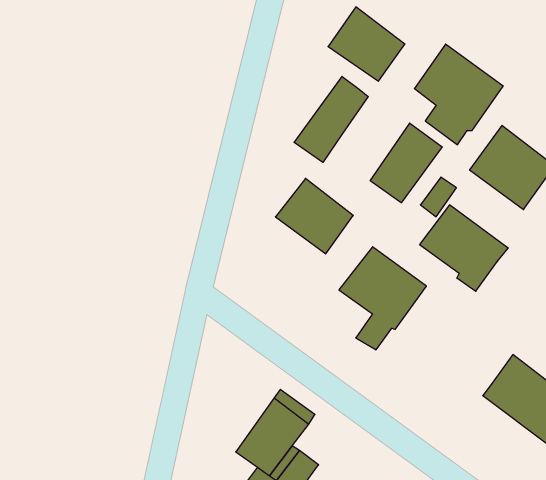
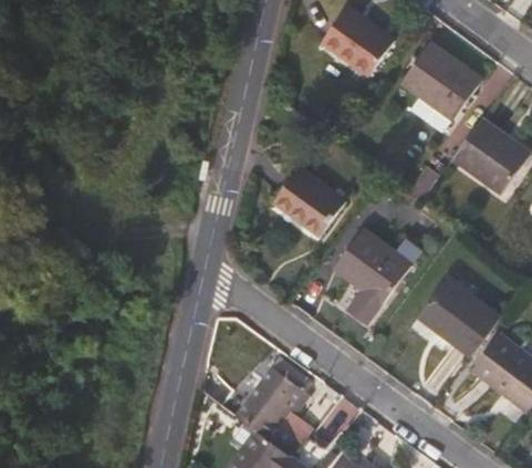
building: [294,76,368,162] -> none
building: [370,123,442,203] -> none
building: [420,205,508,291] -> [419,275,501,355]

